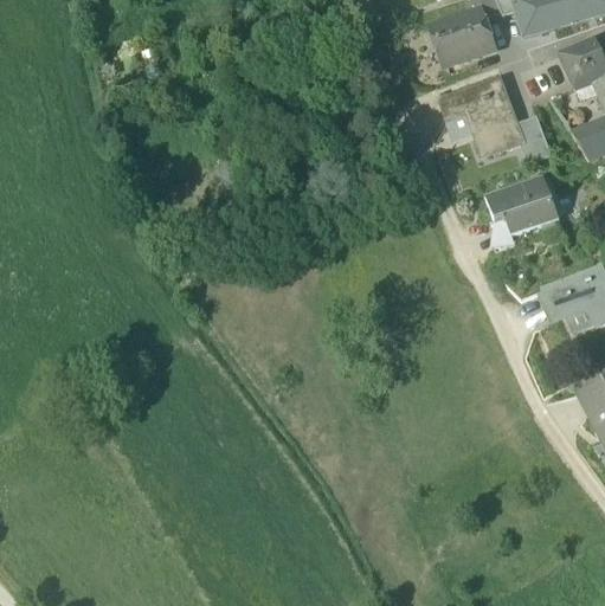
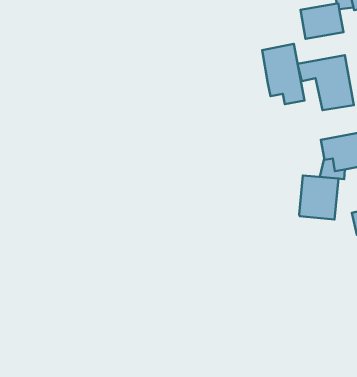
building: none -> [262,44,304,104]
building: none -> [299,175,339,220]

